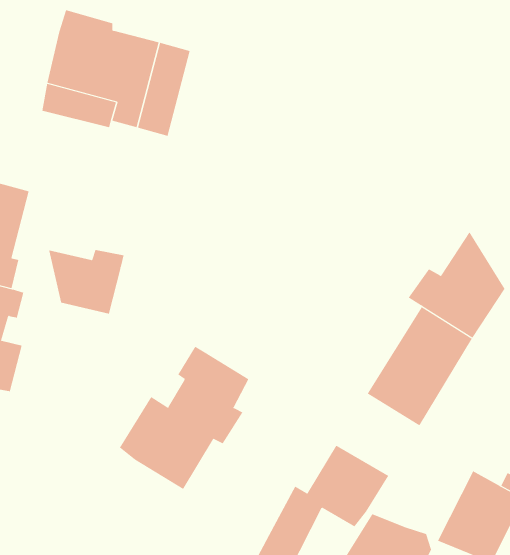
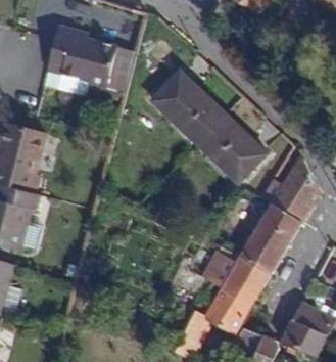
building: none -> [151,70,267,183]
building: [48,249,124,315] -> none
building: [119,346,249,490] -> none
building: none -> [211,250,271,304]

